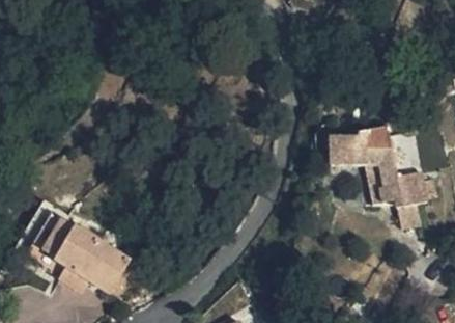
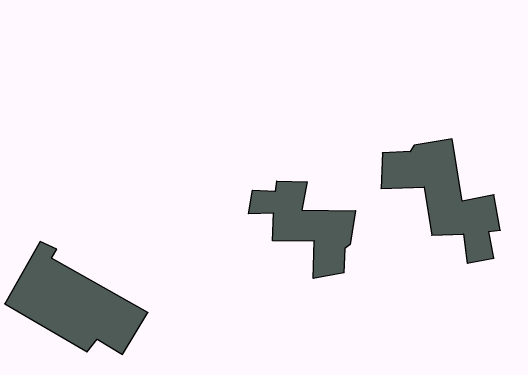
building: none -> [248,181,356,278]

